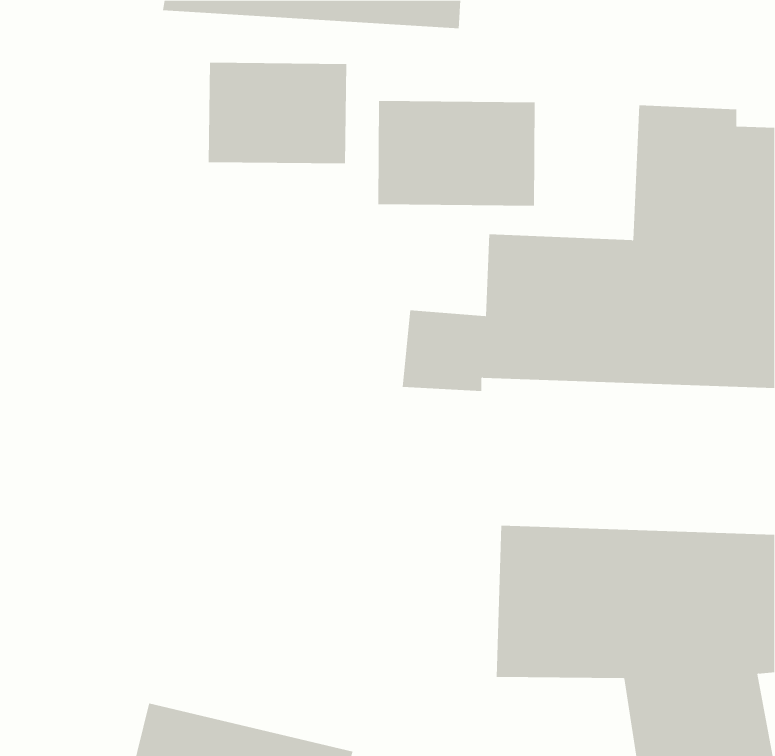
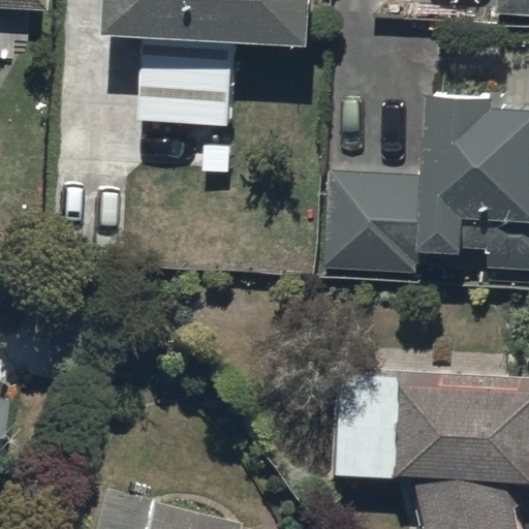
building: [378,100,535,206] -> none

